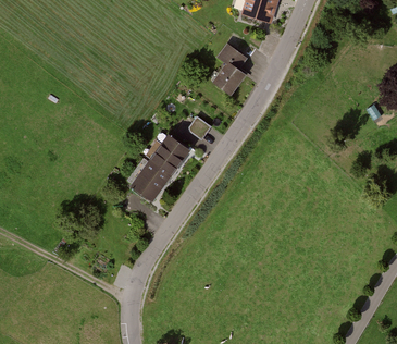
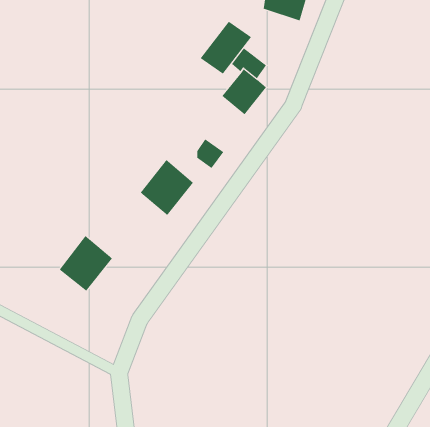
building: none -> [200,21,252,74]
building: [125,158,168,202] -> [59,235,113,292]

